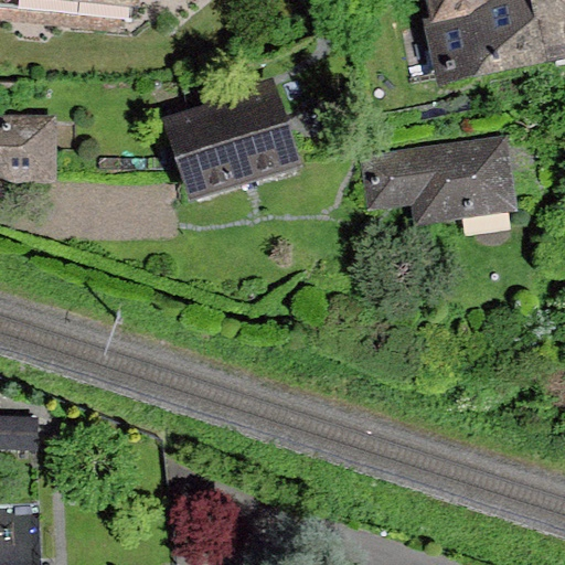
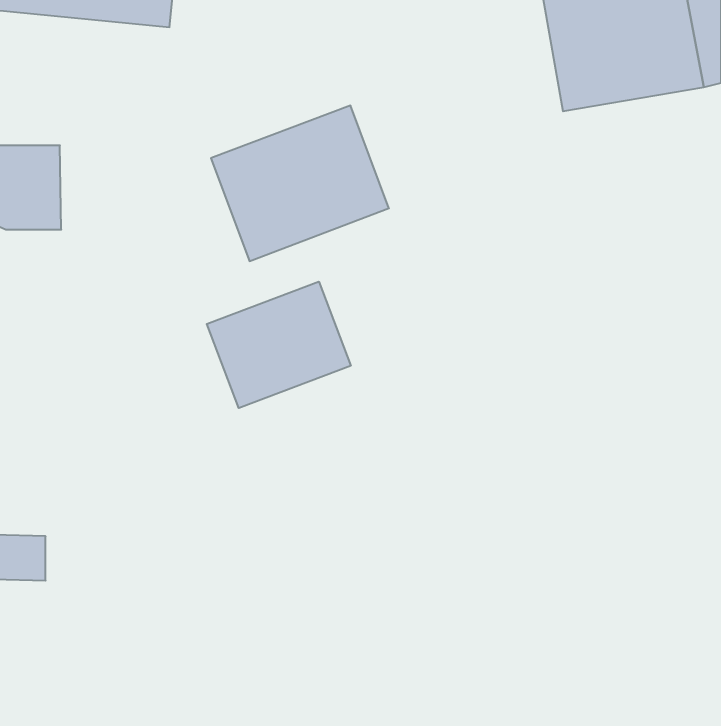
building: [363,137,513,223] -> none
building: none -> [207,282,351,408]

